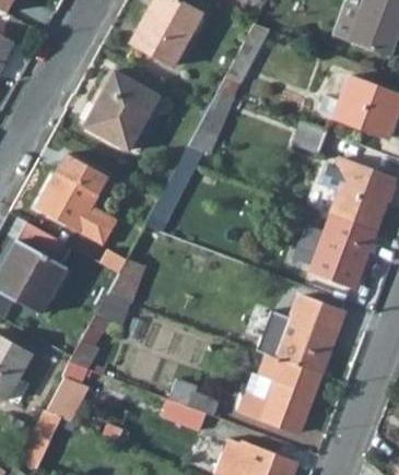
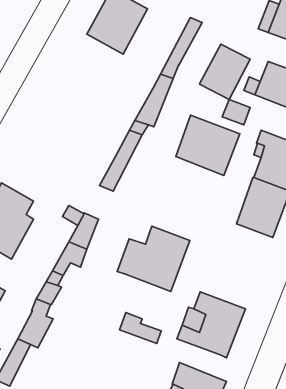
building: none -> [200,44,250,100]
building: [86,72,159,152] -> none
building: none -> [176,115,240,175]
building: [36,155,117,247] -> none
building: [257,296,344,375] -> [117,226,190,291]

